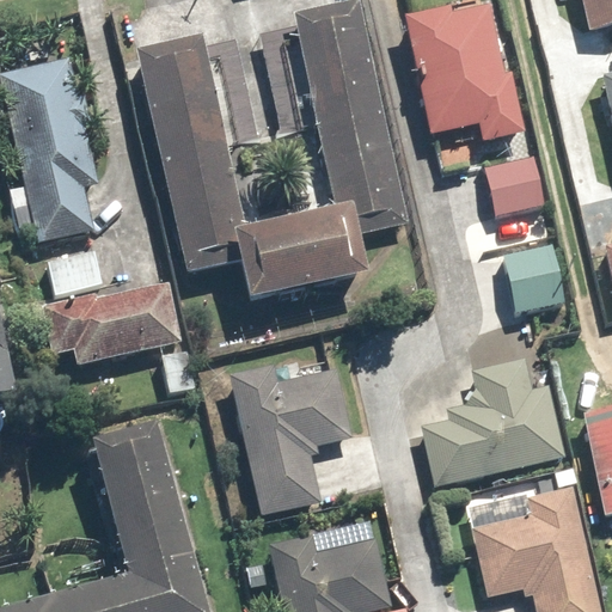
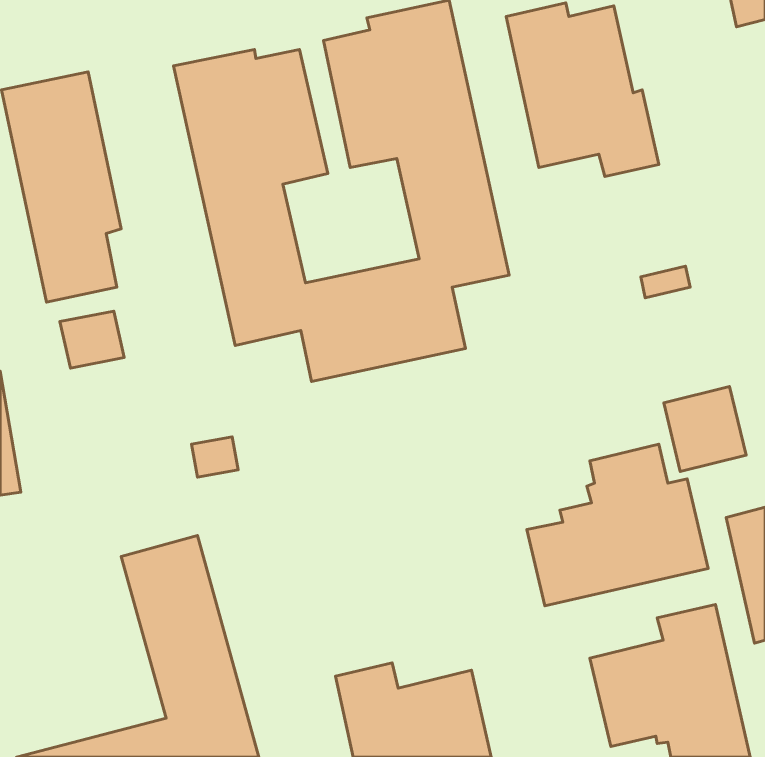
building: [486,158,544,214] -> none
building: [502,244,568,312] -> [664,386,746,472]
building: [42,281,184,366] -> none
building: [230,363,353,516] -> none

